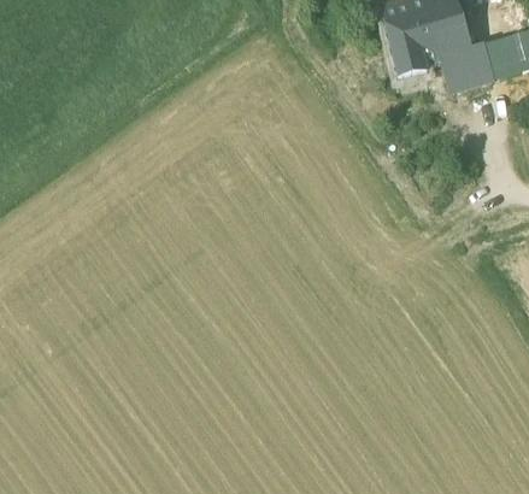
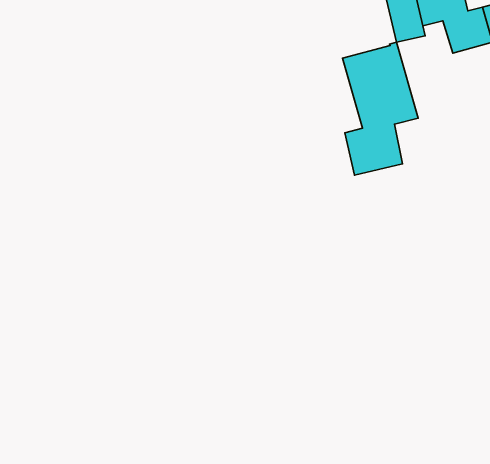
building: none -> [343,42,418,175]

